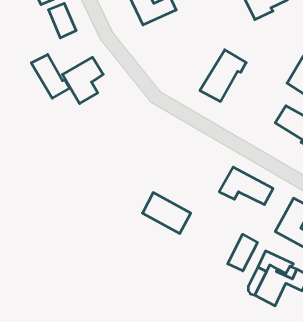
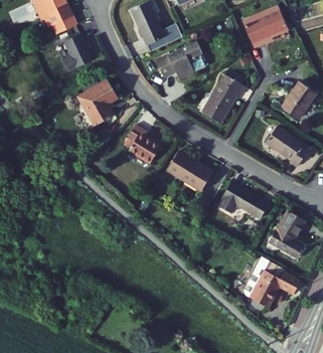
building: none -> [153,41,201,79]
building: [31,54,70,98] -> none
building: none -> [122,121,157,158]
building: [142,193,191,233] -> [169,154,214,192]
building: [228,234,257,271] -> none

